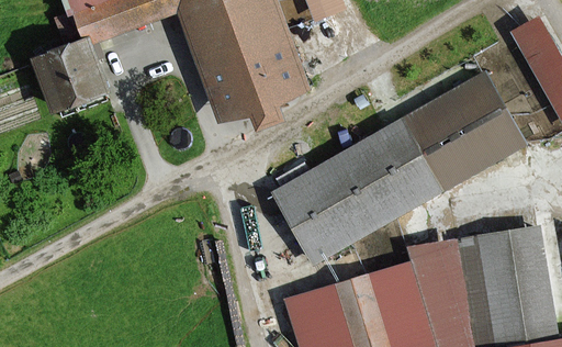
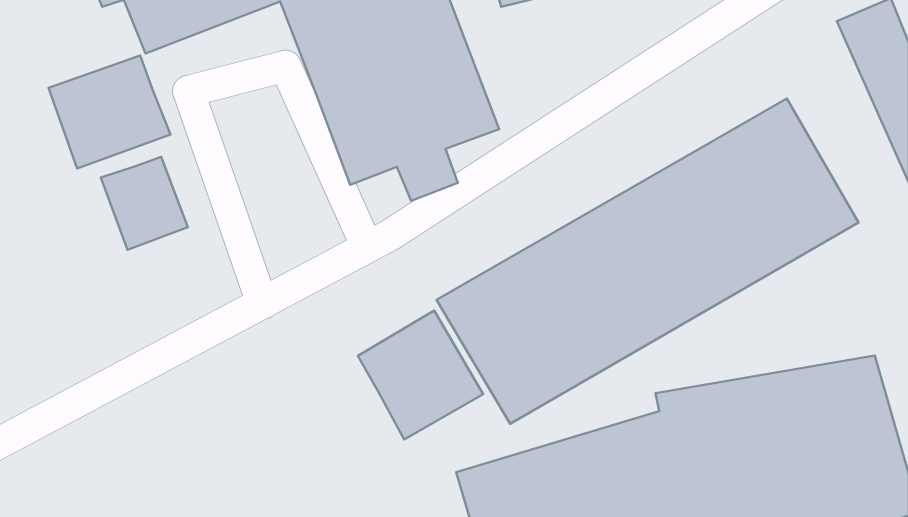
building: none -> [101,157,188,250]
building: none -> [358,310,483,440]

